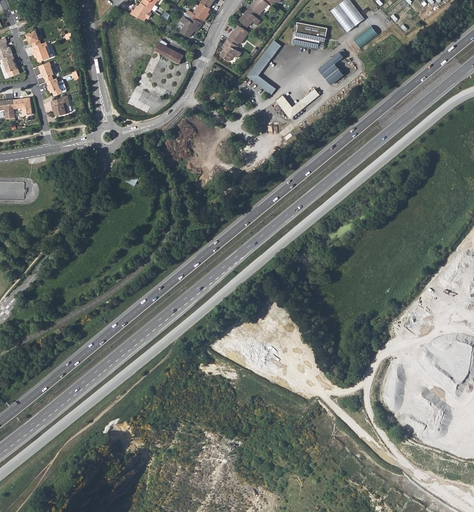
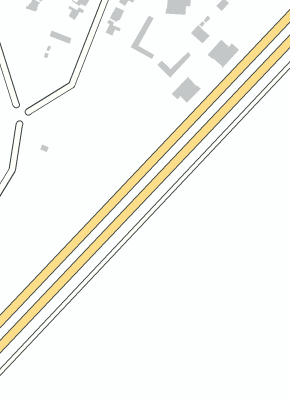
building: none -> [206,39,240,69]
building: none -> [171,76,202,104]

